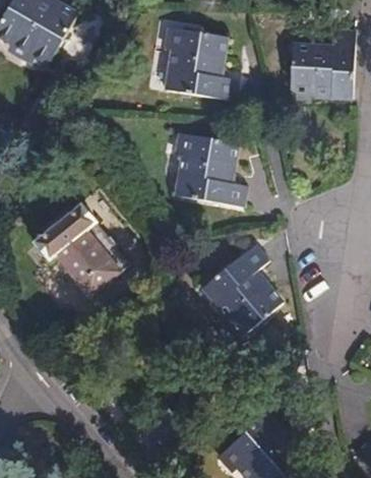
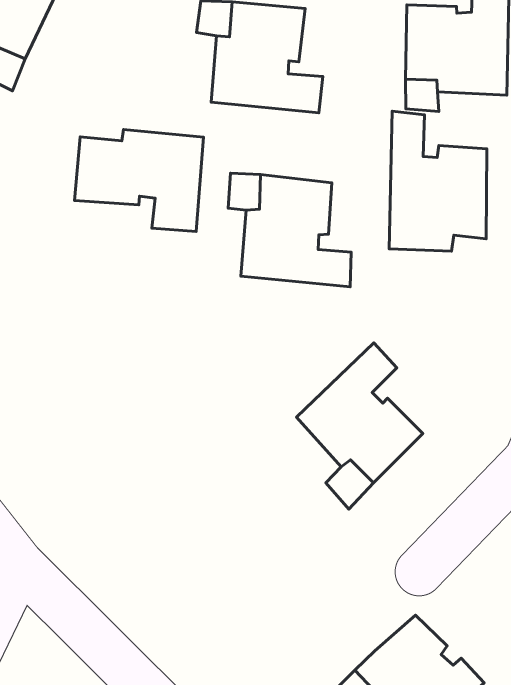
building: none -> [389,111,487,251]
building: none -> [74,130,203,232]
building: [37,203,129,296] -> none

